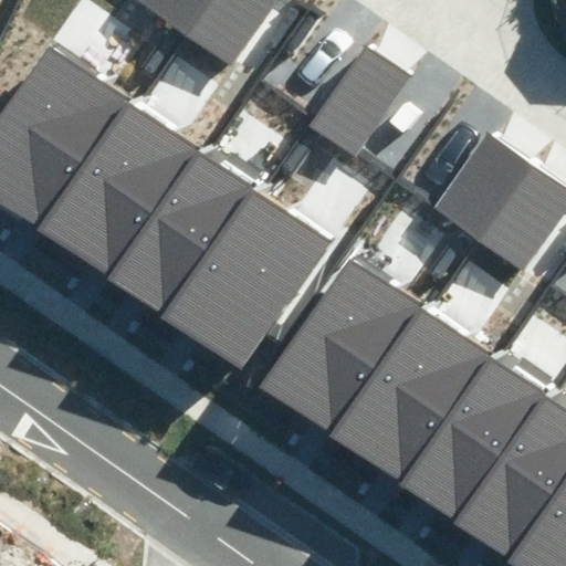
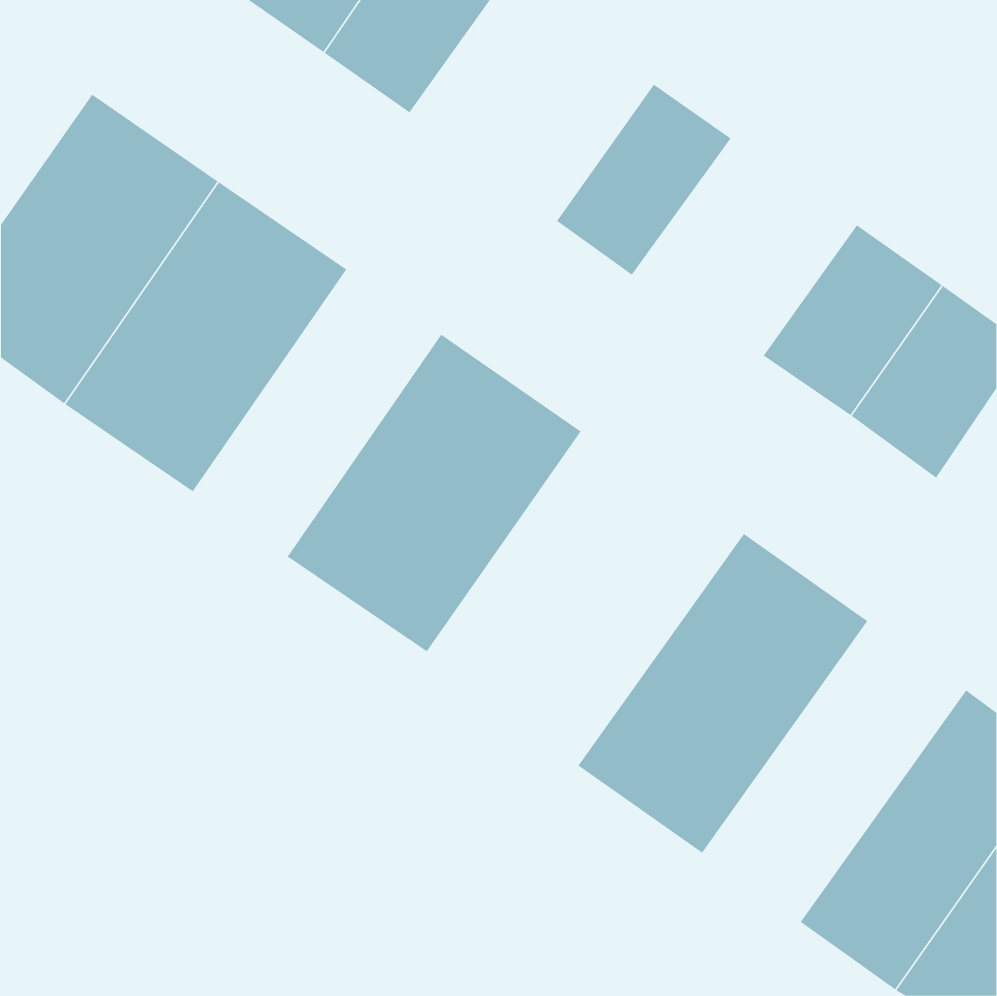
building: [109,153,250,315] -> none
building: [256,252,421,433] -> none
building: [398,352,547,522] -> none

